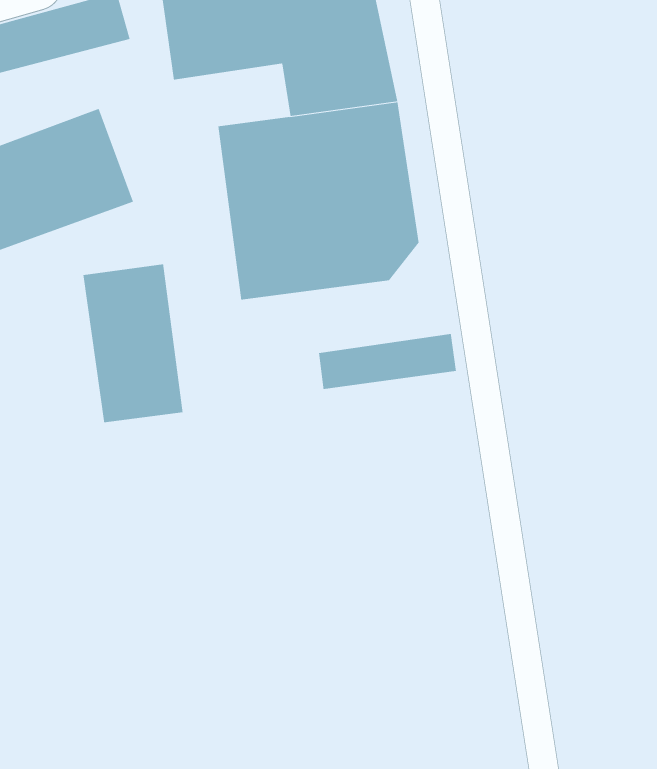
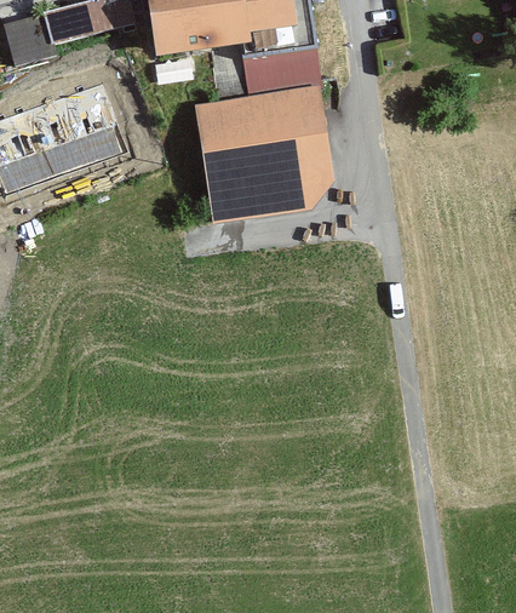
building: [83,264,183,423] -> none
building: [319,333,456,390] -> none

